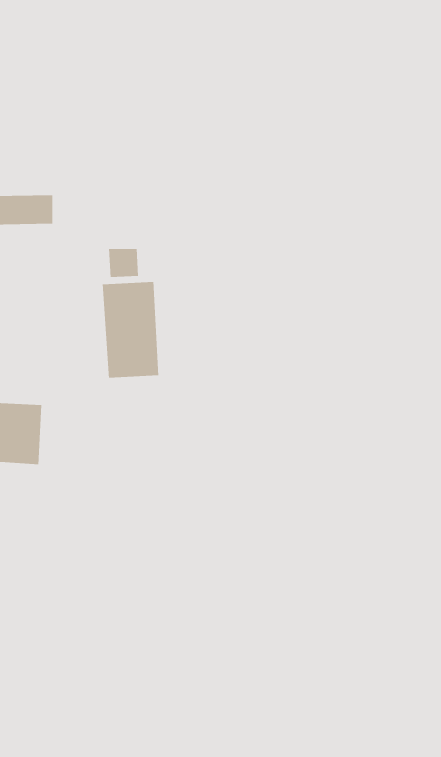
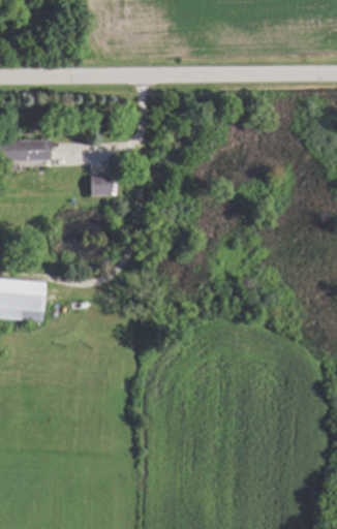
building: [102,281,159,379] -> none

